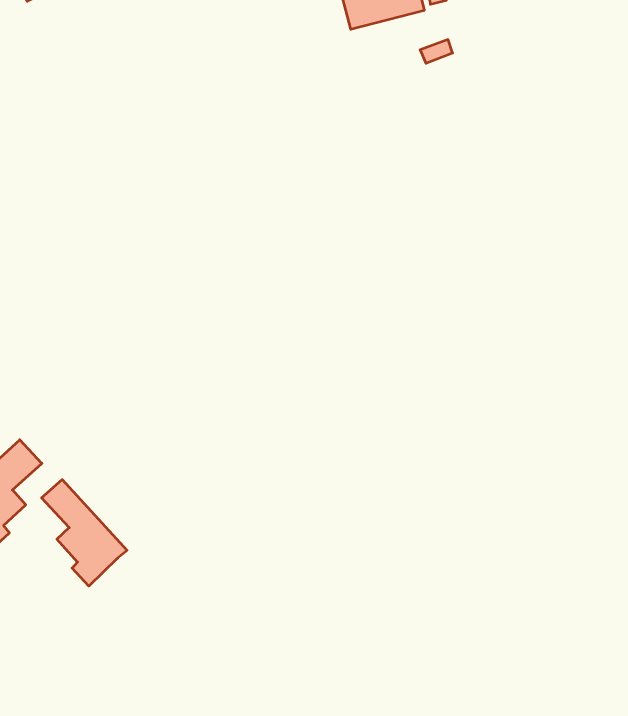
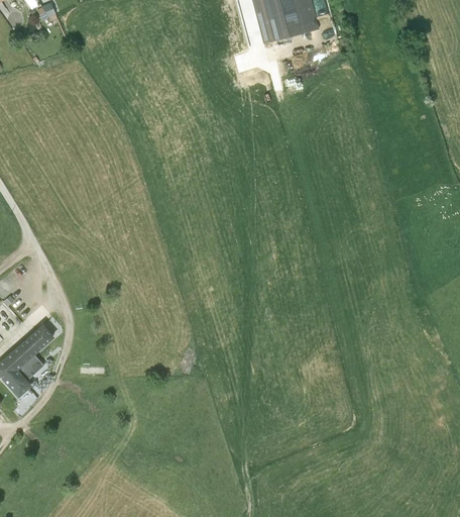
building: [42,480,127,586] -> none

